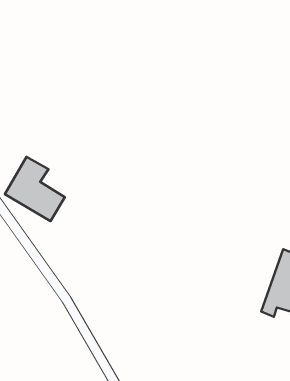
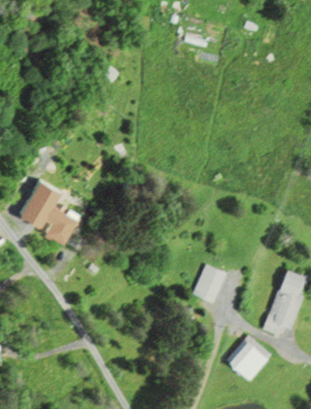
building: none -> [193,264,227,303]
building: none -> [226,336,272,381]

